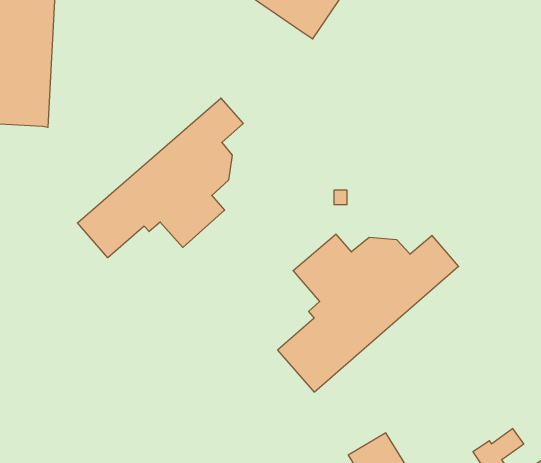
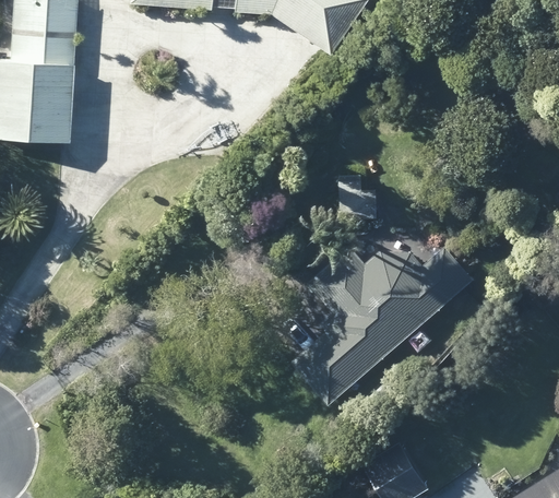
building: [77,98,243,258] -> none

